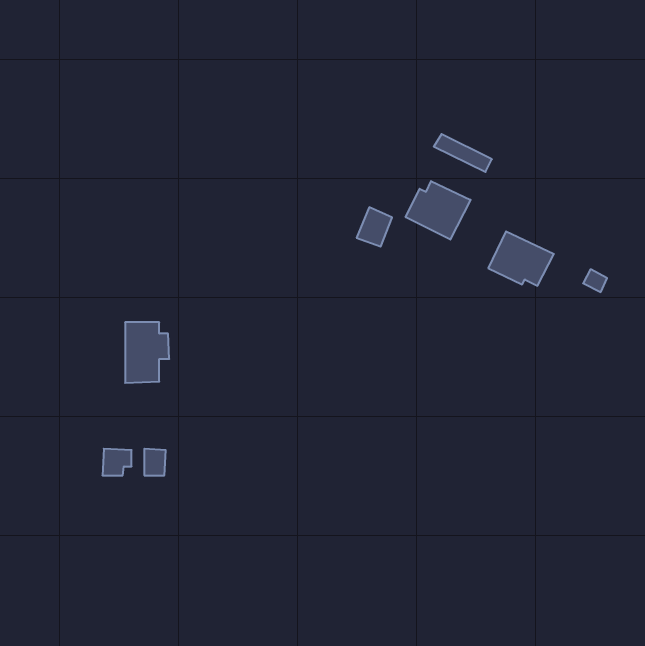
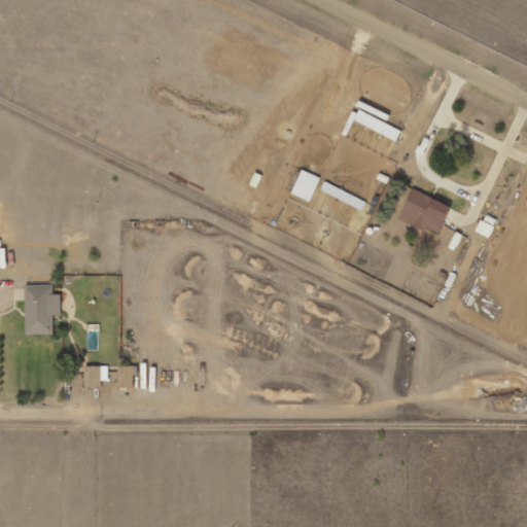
building: [406,181,471,240] -> none
building: [125,322,169,383] -> [25,285,61,335]

